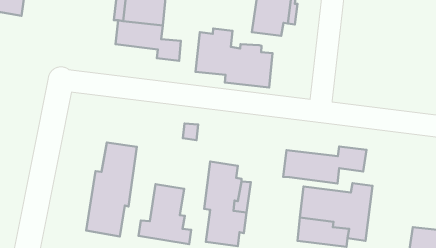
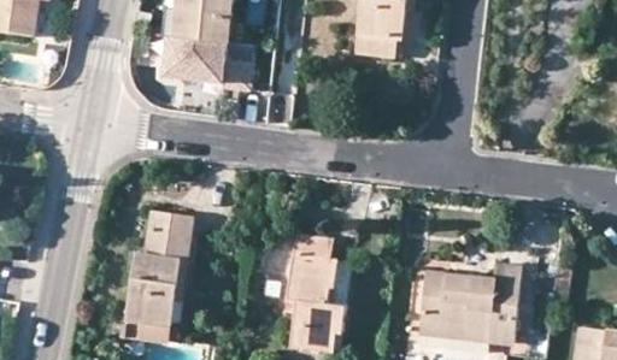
building: [195,28,273,88] -> none
building: [283,147,366,183] -> none
building: [139,184,191,244] -> none

